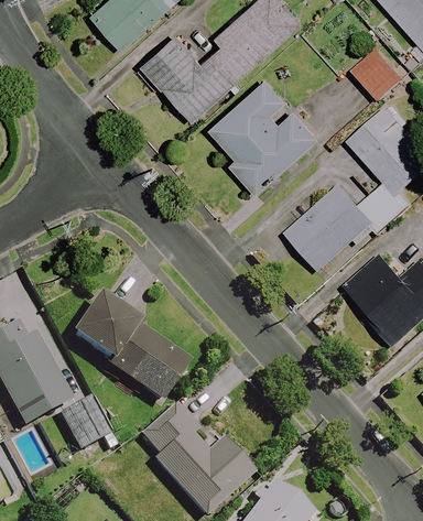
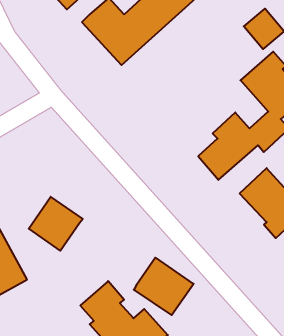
building: [208,78,317,193] -> none
building: [109,327,187,402] -> [134,258,194,315]
building: [58,399,108,451] -> none

